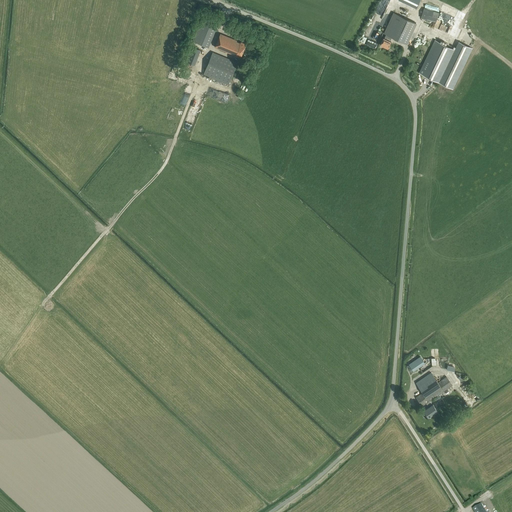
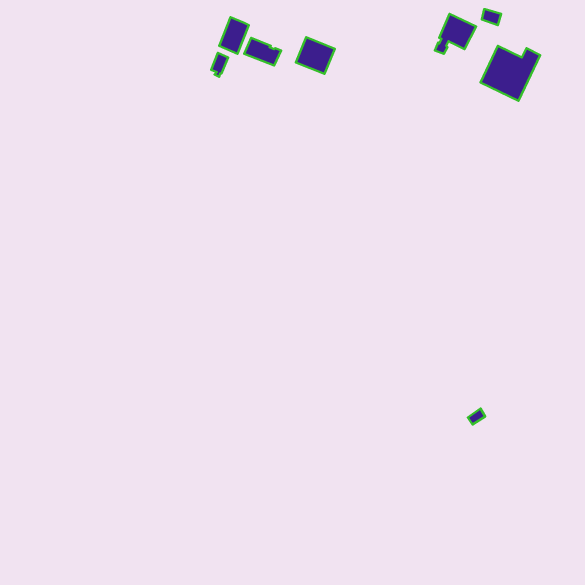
building: [202,53,236,85] -> [296,37,335,74]
building: [415,373,451,417] -> none

